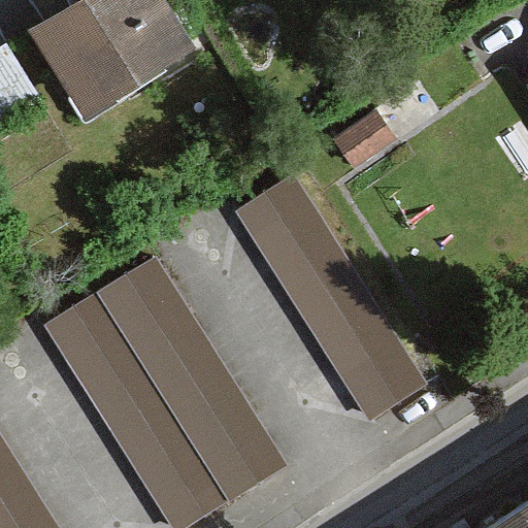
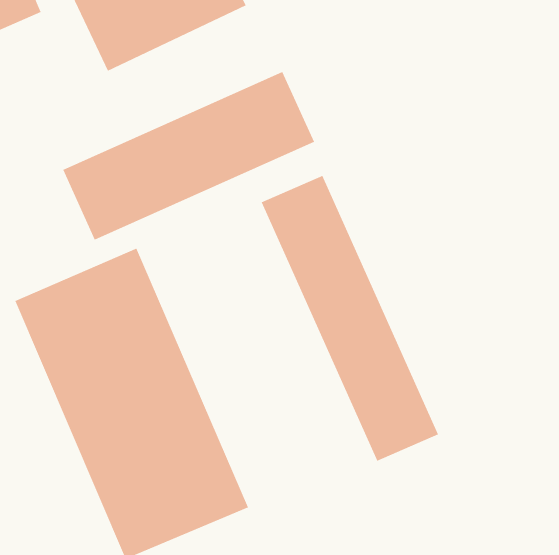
building: none -> [62,71,315,240]

